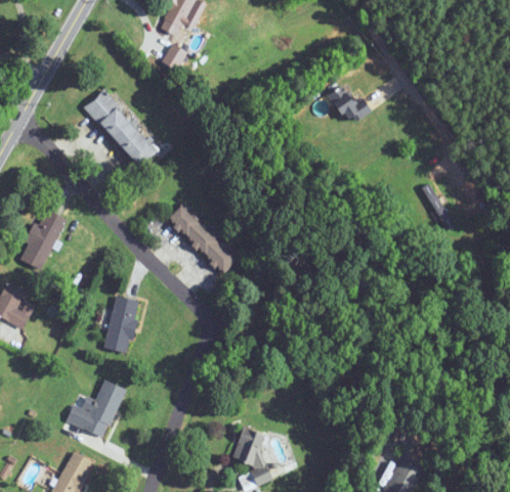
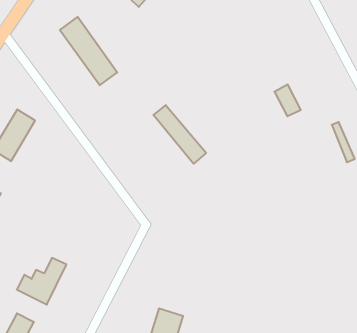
building: [333,85,367,123] -> [274,85,301,116]
building: [169,206,237,272] -> [153,105,206,164]
building: [104,296,141,353] -> none

